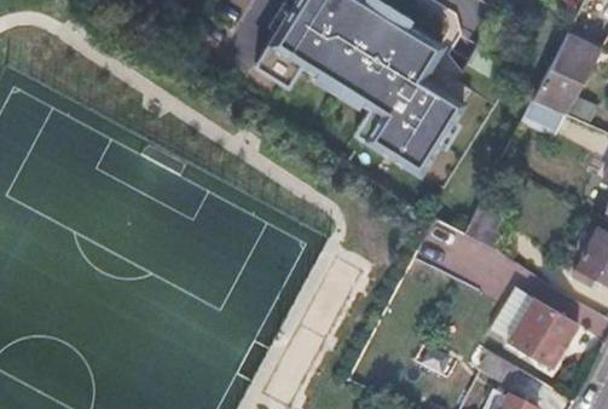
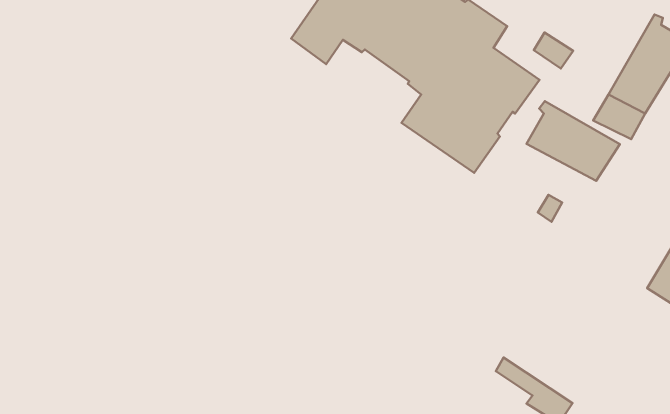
building: none -> [527,101,620,181]
building: [506,295,578,368] -> none

